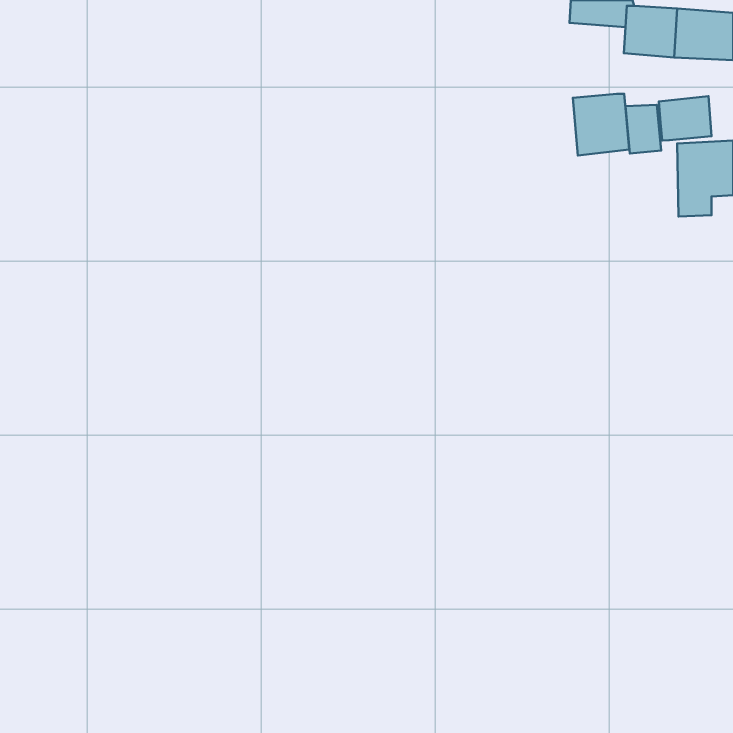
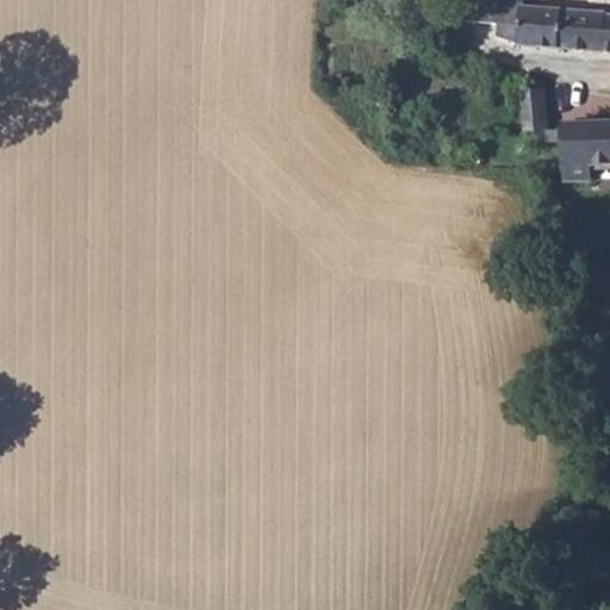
building: [573,94,629,155] -> none
building: [659,96,712,140] -> none

